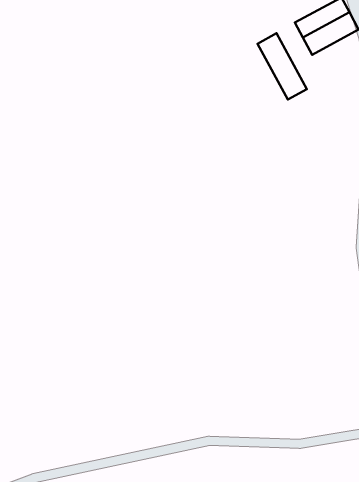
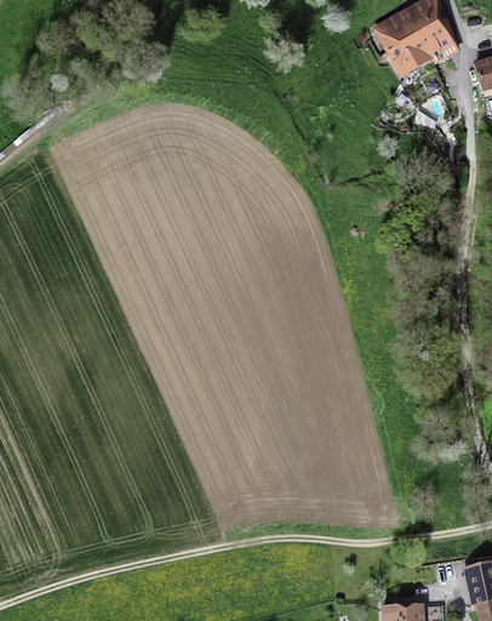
building: [257,33,307,100] -> none

